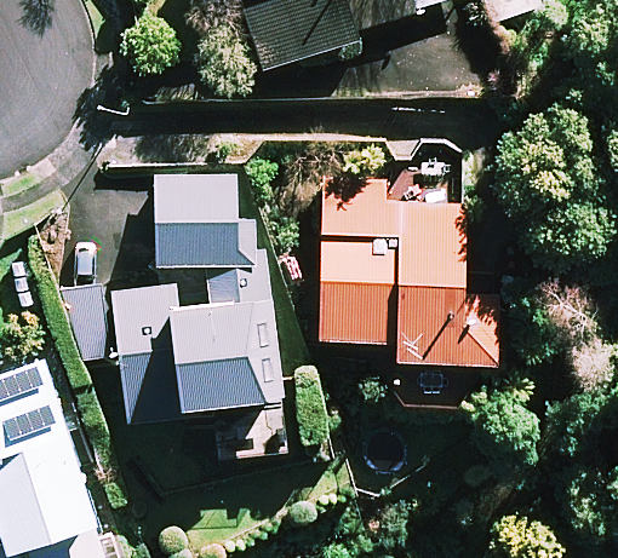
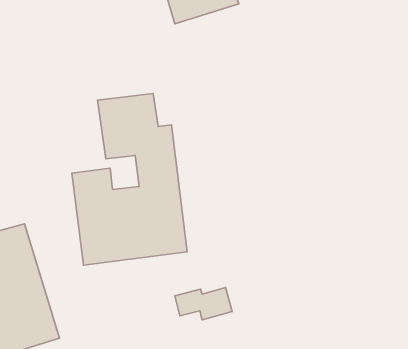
building: [314,195,497,366] -> none

